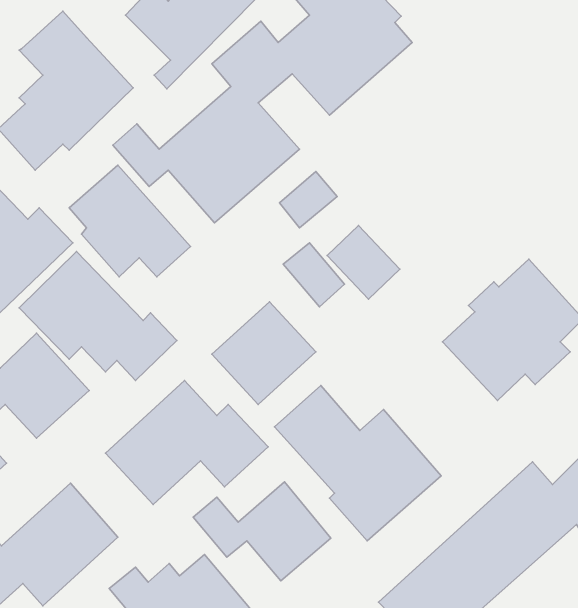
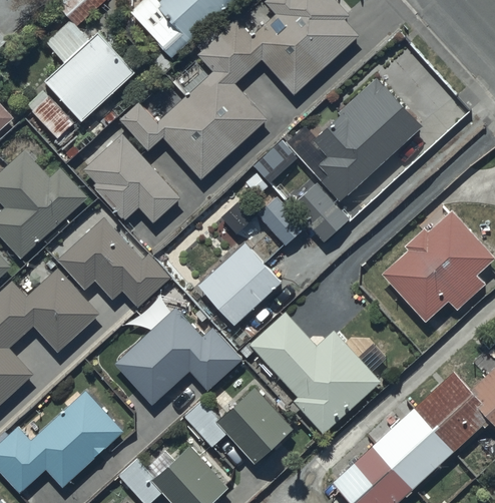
building: none -> [312,77,420,201]

